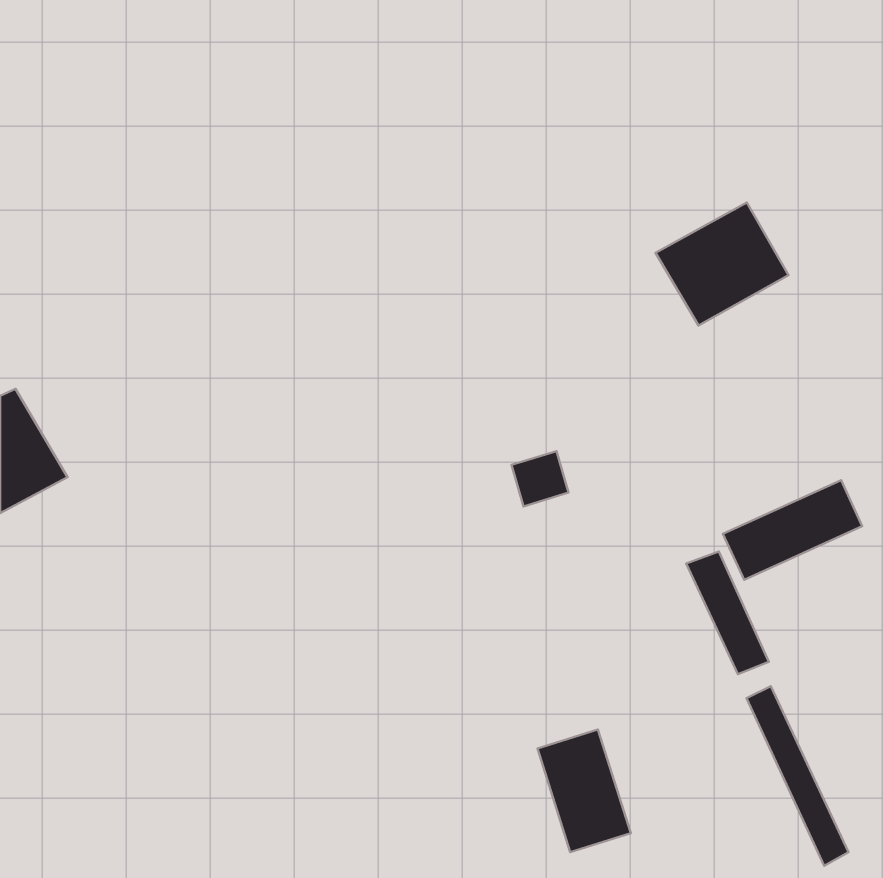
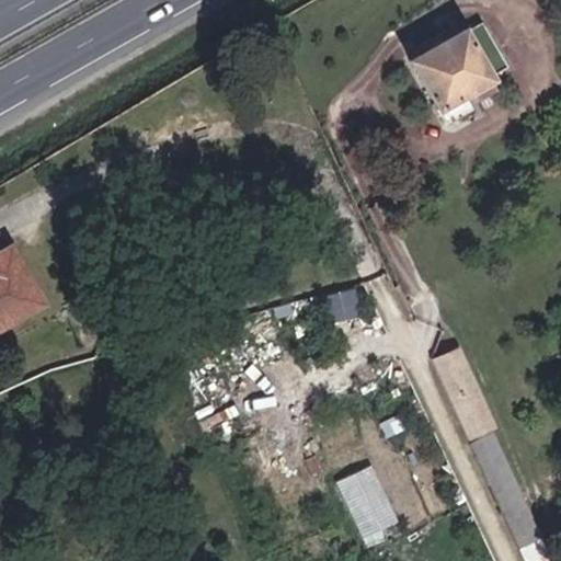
building: [655,203,788,325] -> [409,26,493,104]
building: [723,480,862,580] -> none

